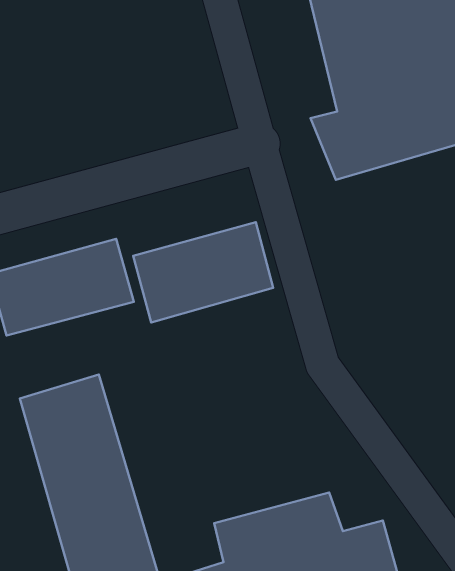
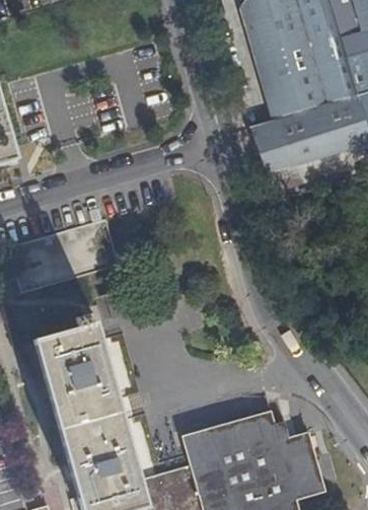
building: [133,222,273,323] -> none

